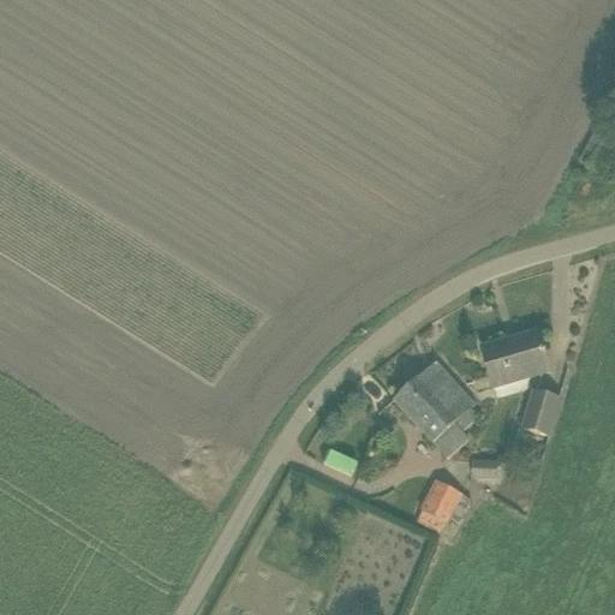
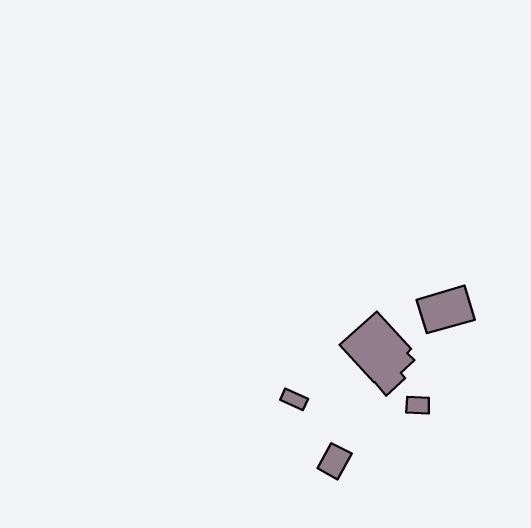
building: [521,389,557,434] -> none
building: [420,479,460,521] -> [318,443,352,480]

